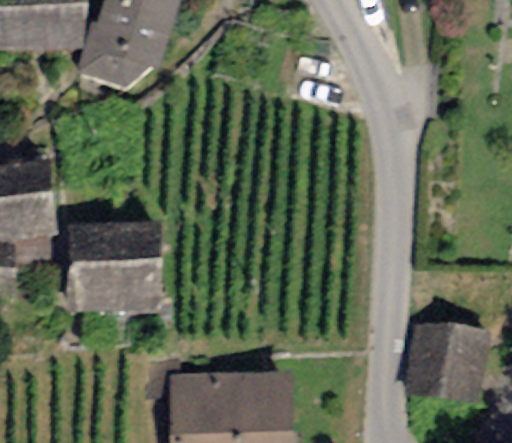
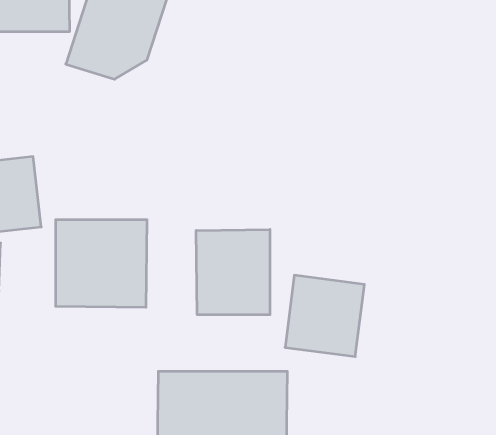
building: none -> [196,229,270,315]
building: [406,322,484,402] -> [285,275,364,357]

